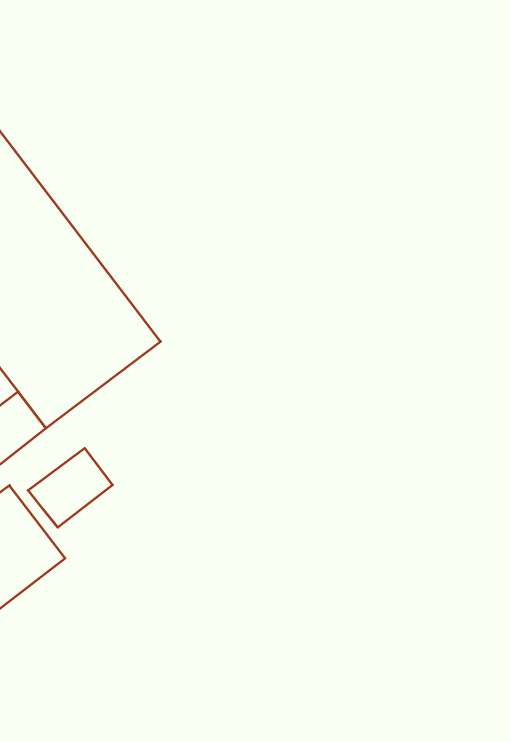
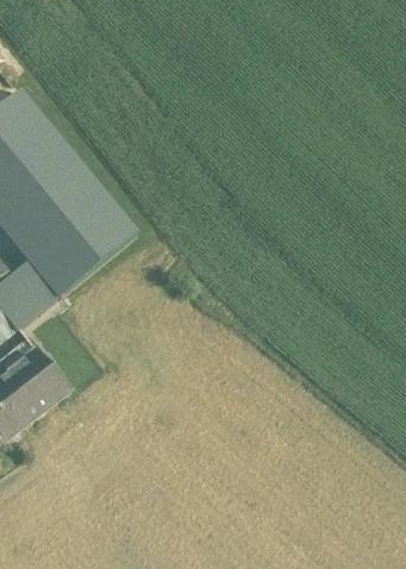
building: [28,448,113,527] -> none

